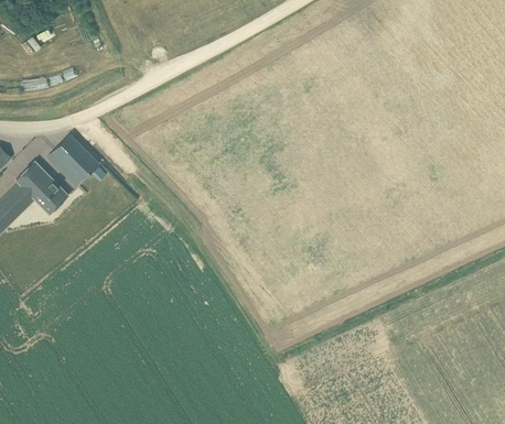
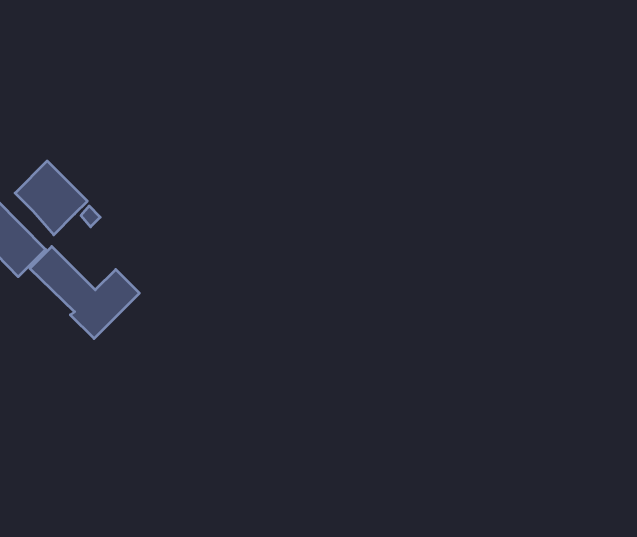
building: none -> [30,246,139,339]

